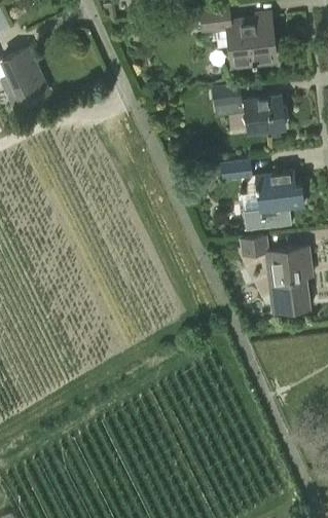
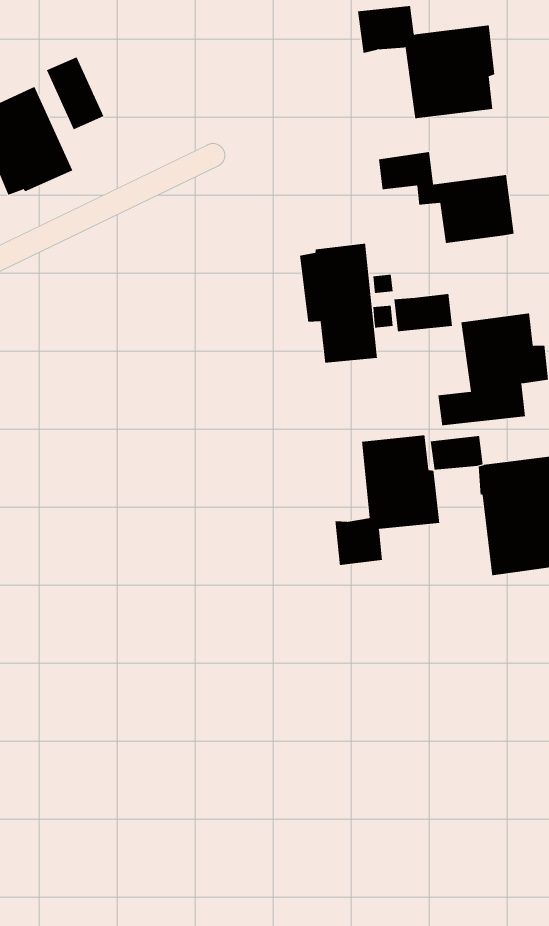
building: none -> [46,56,104,130]
building: none -> [299,243,377,364]
building: none -> [335,434,440,566]

